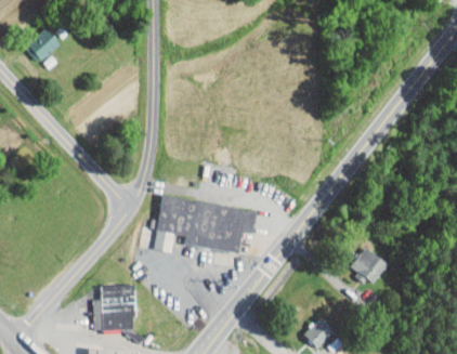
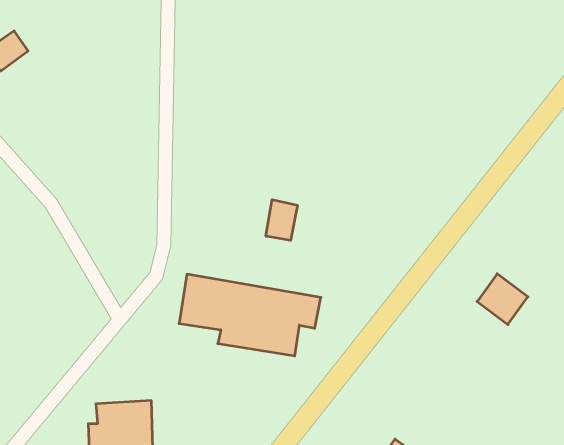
building: none -> [266,200,297,240]
building: [348,245,383,280] -> [477,274,528,325]

